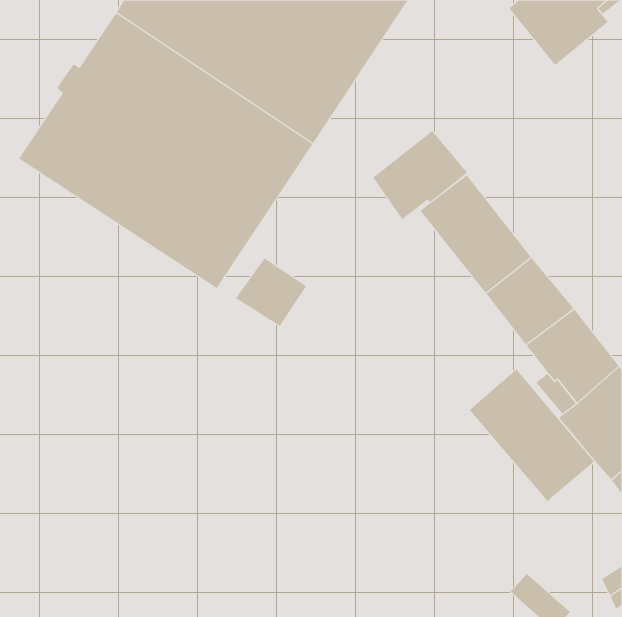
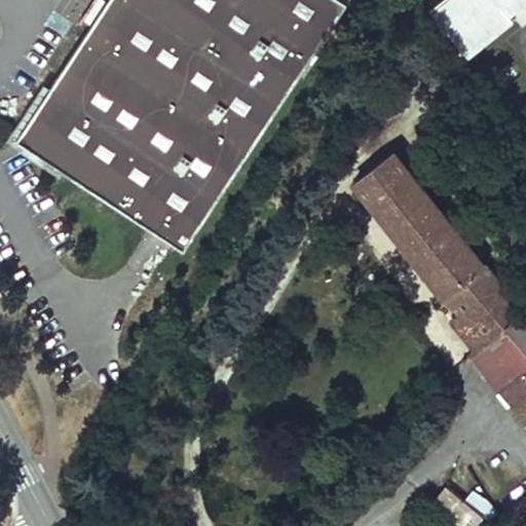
building: [372,130,468,220] -> none
building: [235,258,307,327] -> none
building: [469,369,595,502] -> none

